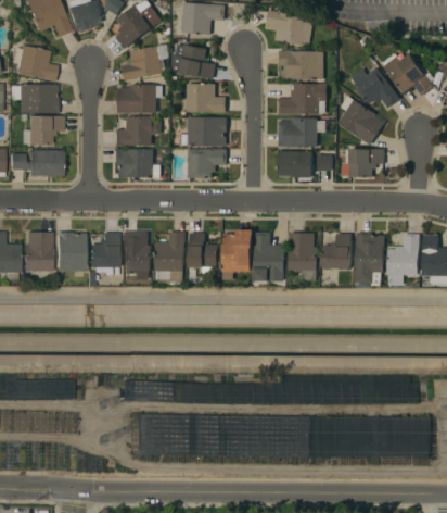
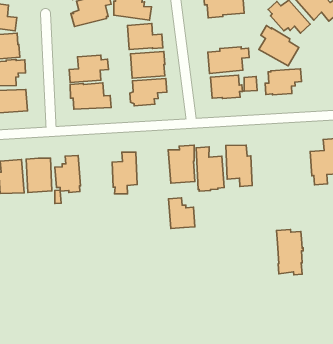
building: [279,83,327,114] -> none
building: [117,85,163,113] -> none
building: [123,232,152,277] -> none
building: [190,233,218,267] -> [169,198,195,228]
building: [356,233,386,286] -> [277,229,303,275]
building: [323,234,352,268] -> none

